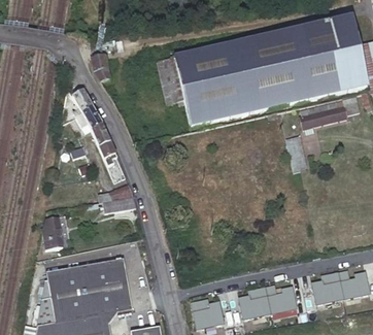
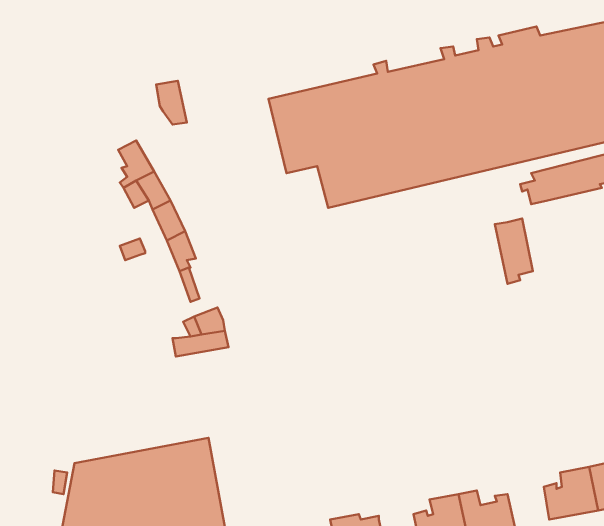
building: [41,217,63,249] -> none

